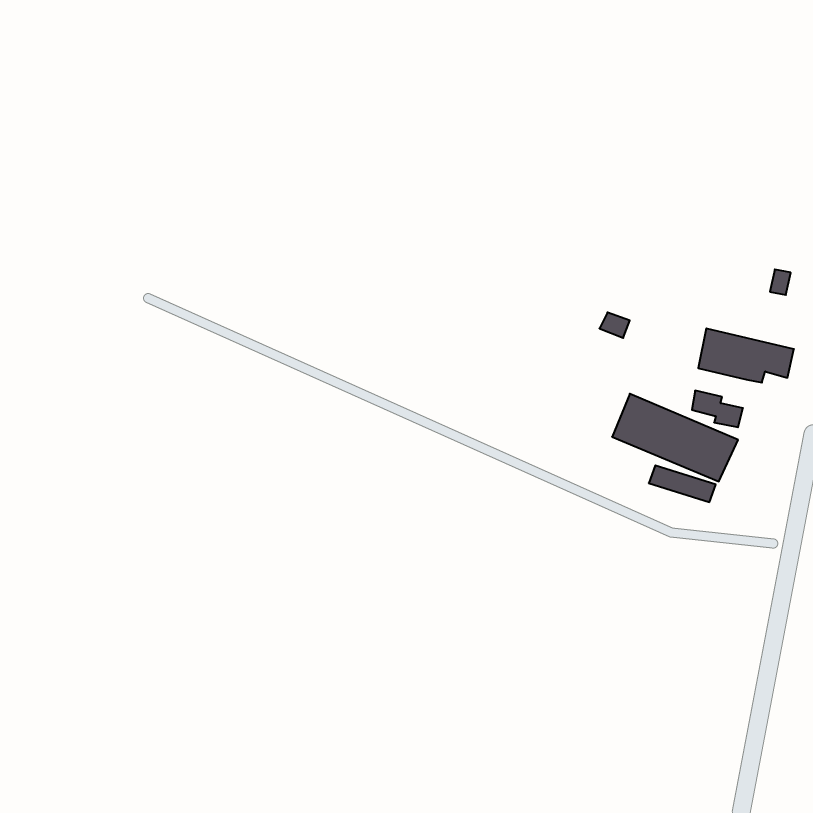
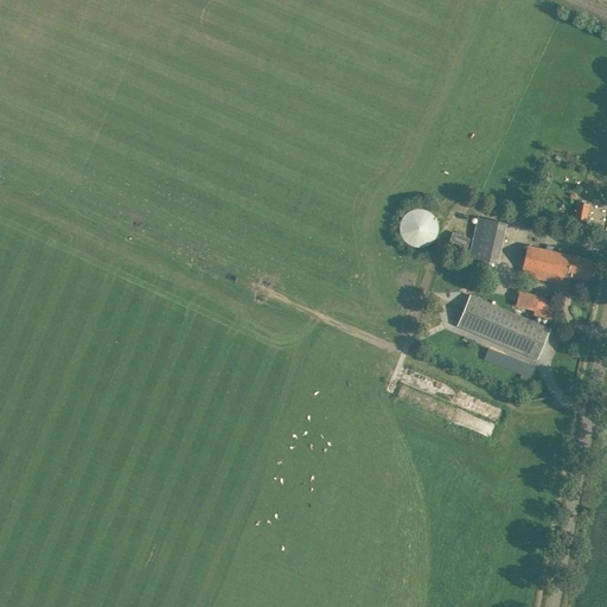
building: none -> [402,206,440,247]
building: none -> [467,217,504,262]

